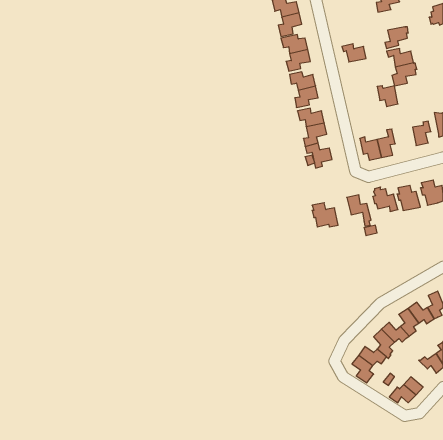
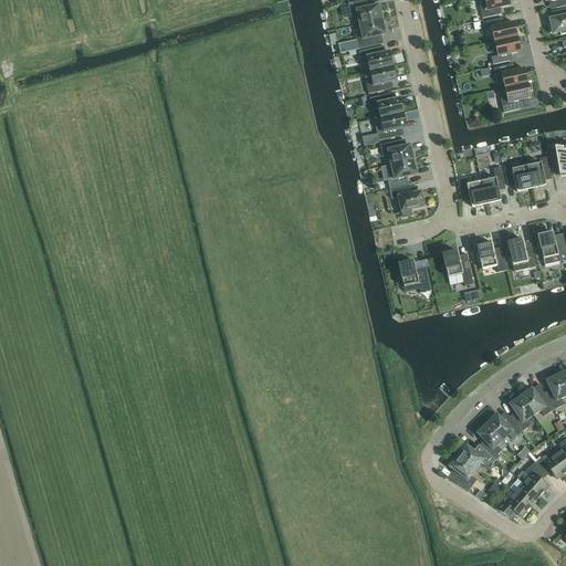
building: [342,44,366,62] -> [485,15,516,39]
building: [377,86,398,107] -> [504,163,531,189]
building: none -> [524,460,548,494]

